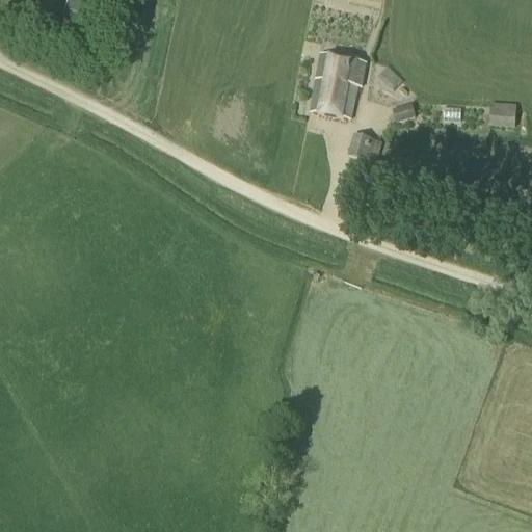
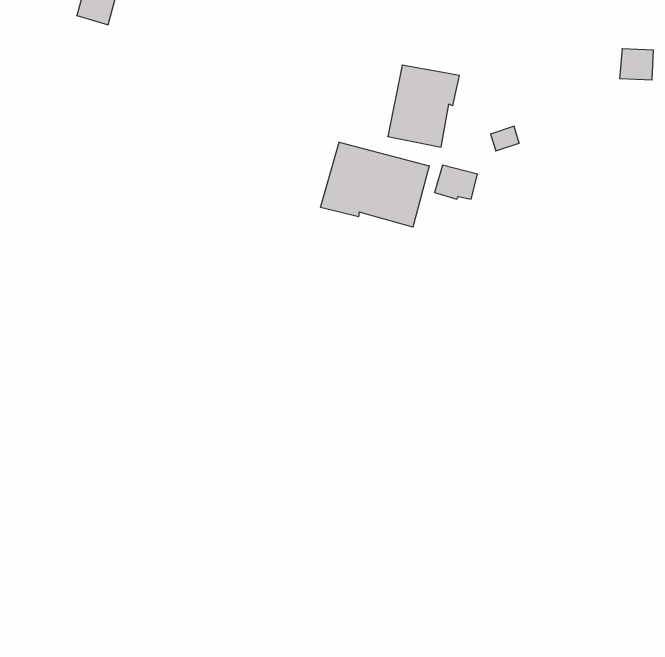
building: [488,100,515,125] -> [620,49,653,80]
building: none -> [321,142,429,227]

